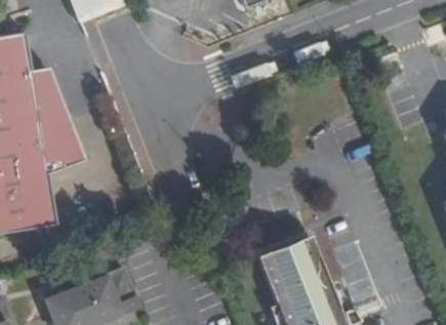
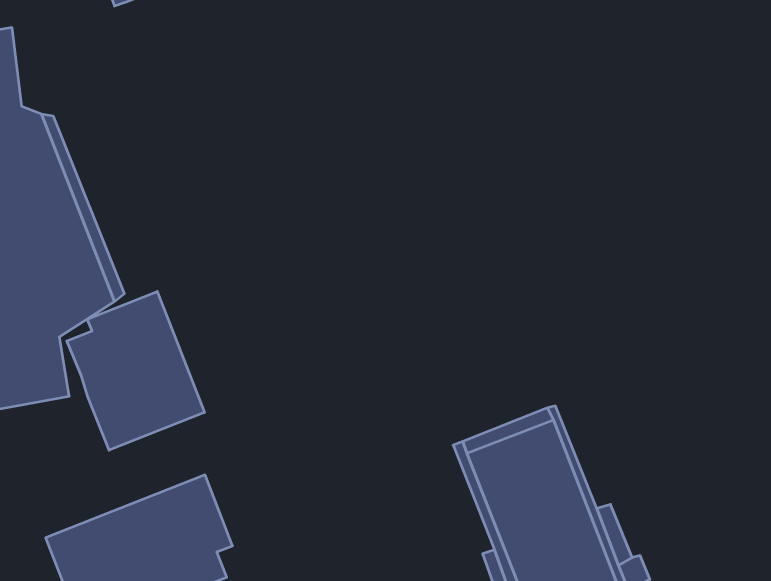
building: none -> [67,291,204,450]

